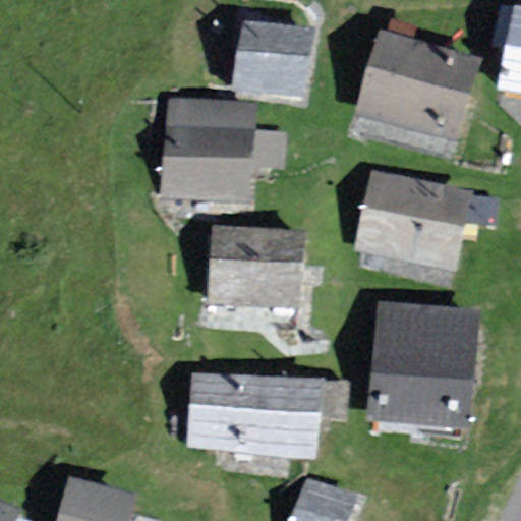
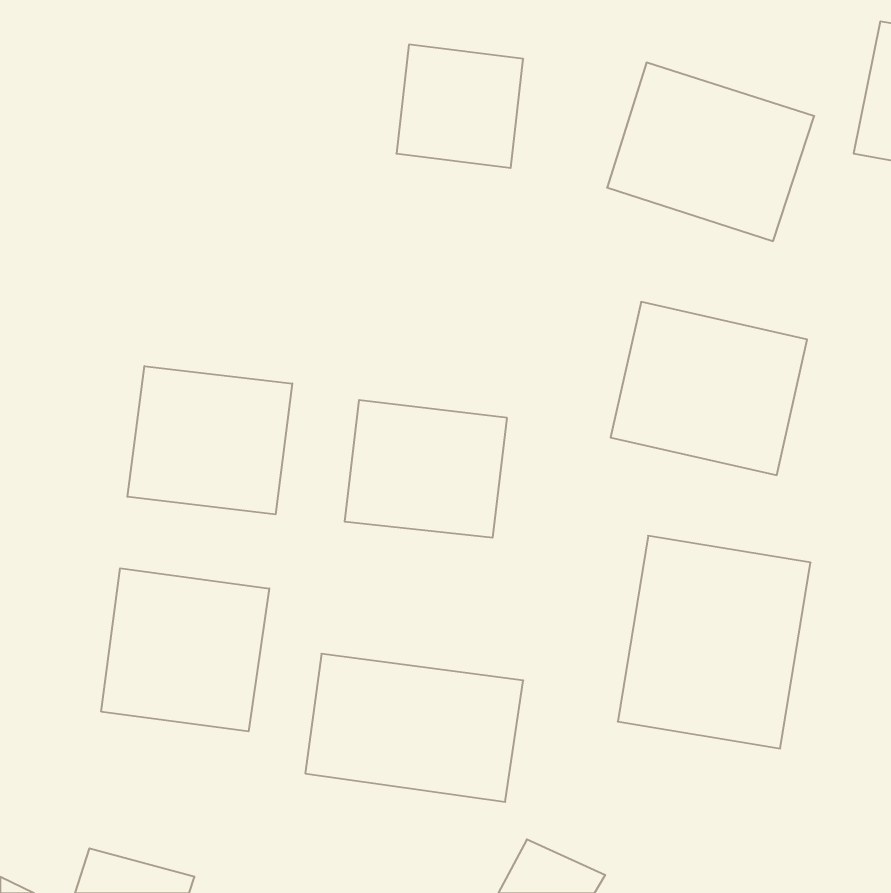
building: [164,101,251,193] -> none
building: none -> [128,366,292,514]
building: none -> [101,568,269,731]

